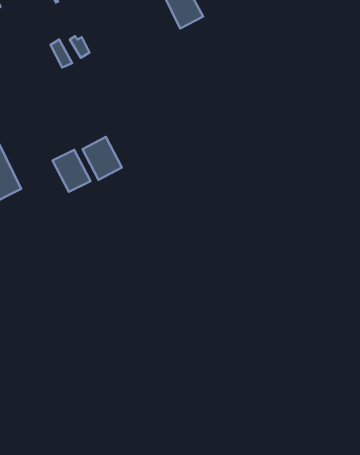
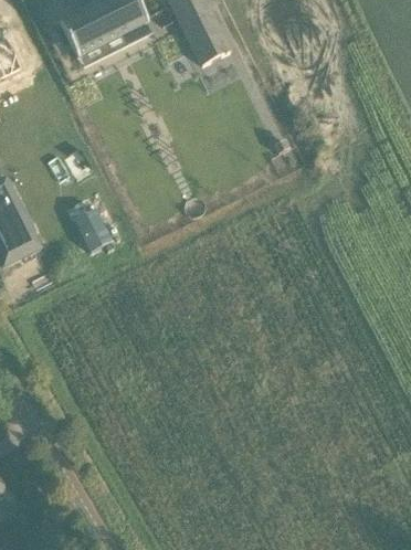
building: [83,137,122,180] -> none

